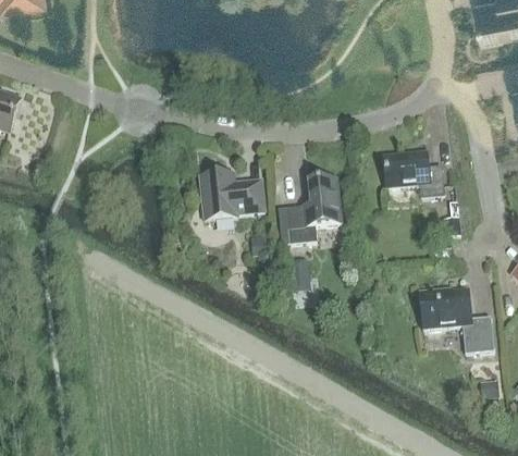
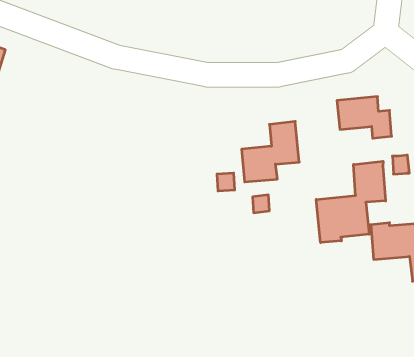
building: [199,172,264,219] -> none
building: none -> [316,161,386,243]

